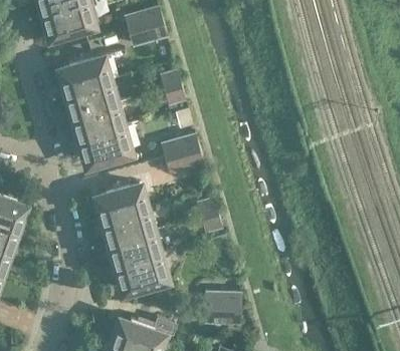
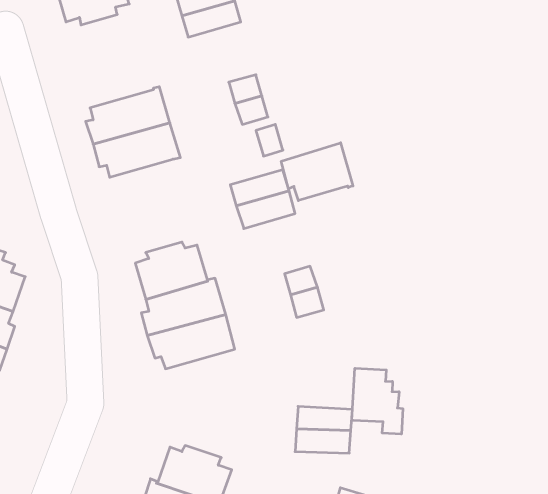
building: [59,54,109,92] -> none
building: none -> [281,143,353,201]
building: [79,126,129,164] -> none
building: [117,253,169,292] -> none
building: none -> [352,368,403,434]

